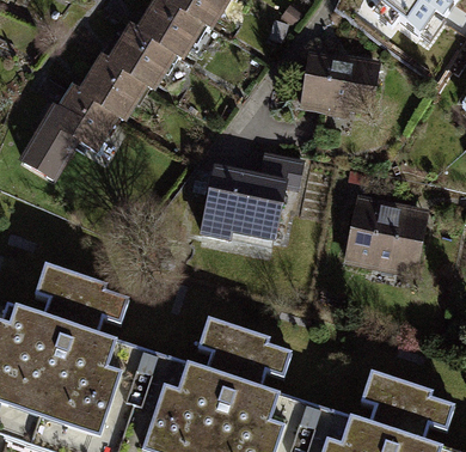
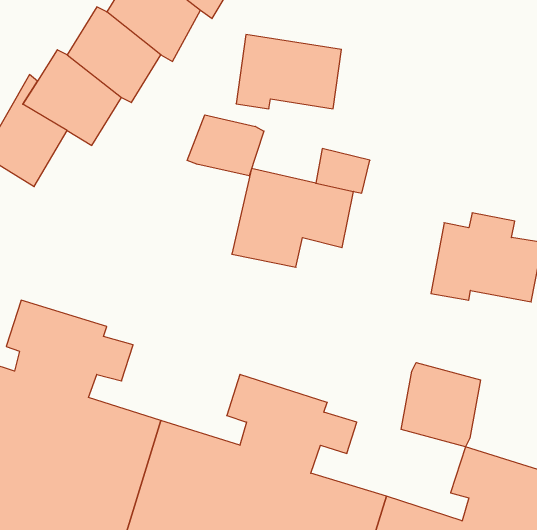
building: [302,53,379,106] -> [236,35,341,109]
building: none -> [187,115,264,176]
building: none -> [401,363,481,447]

